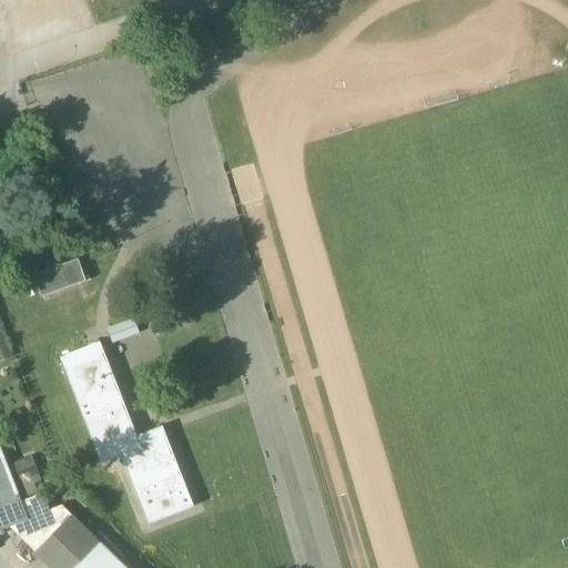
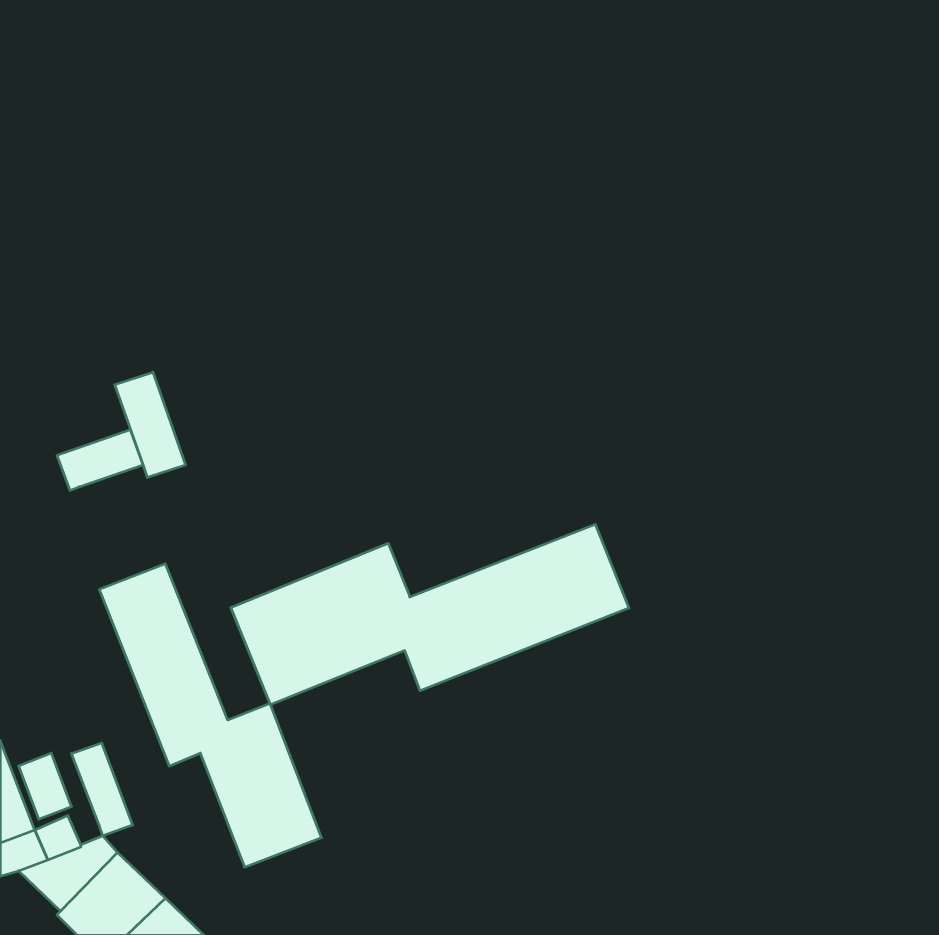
building: none -> [115,372,185,478]
building: none -> [231,524,629,705]
building: none -> [72,743,133,836]

